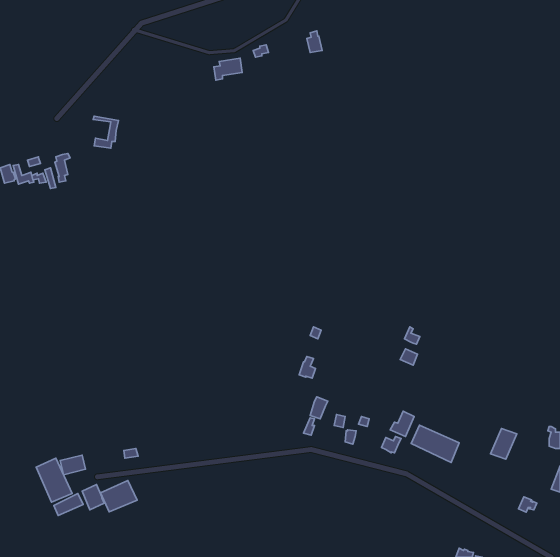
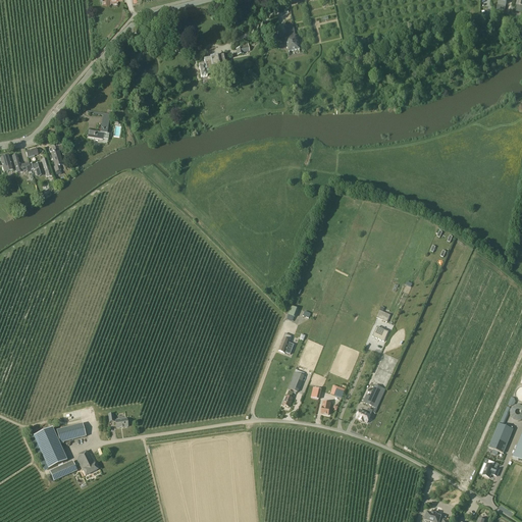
building: [411,425,459,462] -> none
building: [491,429,517,459] -> [488,422,513,451]
building: [101,480,137,512] -> none

